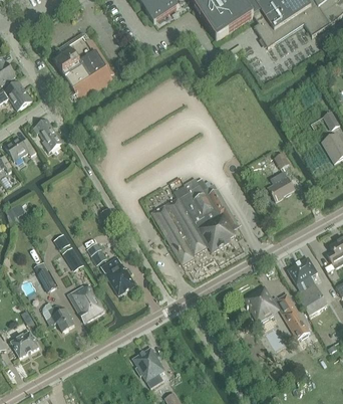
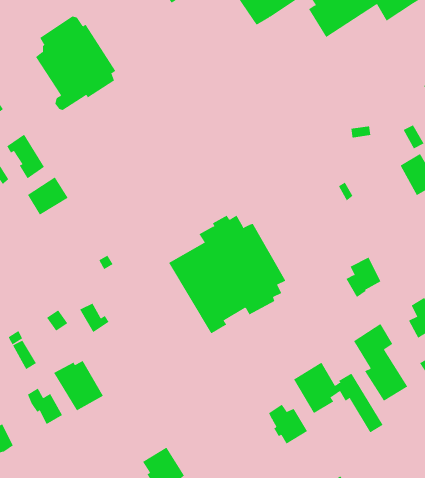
building: none -> [27,177,68,215]
building: [268,173,294,203] -> [346,257,381,298]
building: [100,255,135,294] -> none
building: none -> [268,404,308,445]

